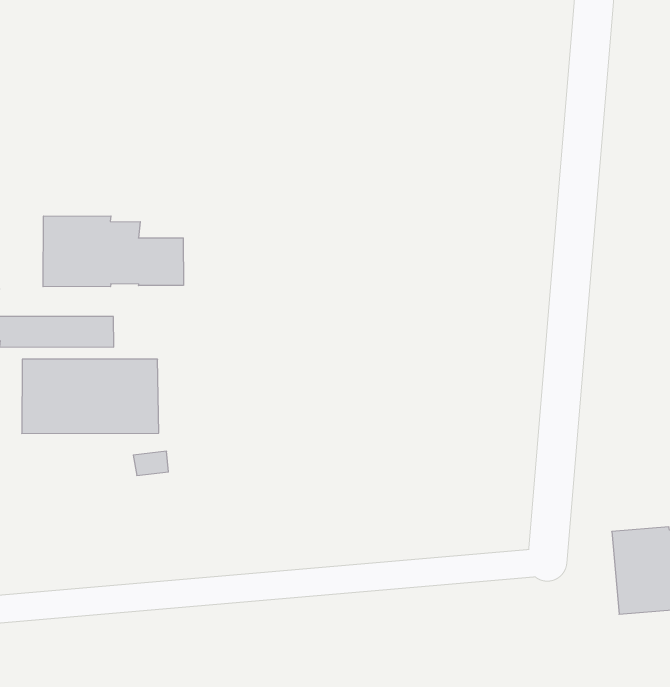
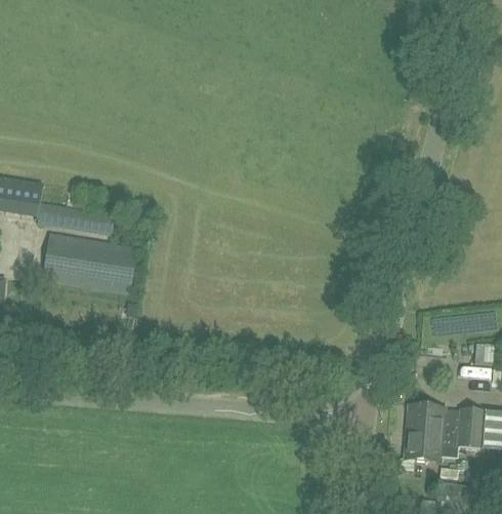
building: [43,216,183,287] -> none

